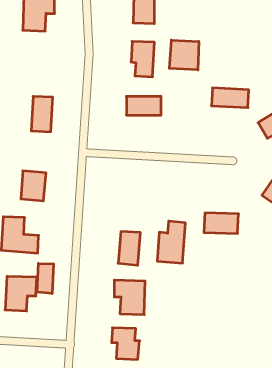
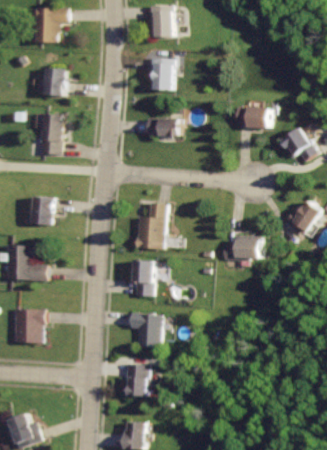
building: [169,40,199,70] -> none
building: none -> [38,67,62,99]
building: [157,221,185,263] -> [137,203,167,248]
building: [37,263,54,294] -> none

